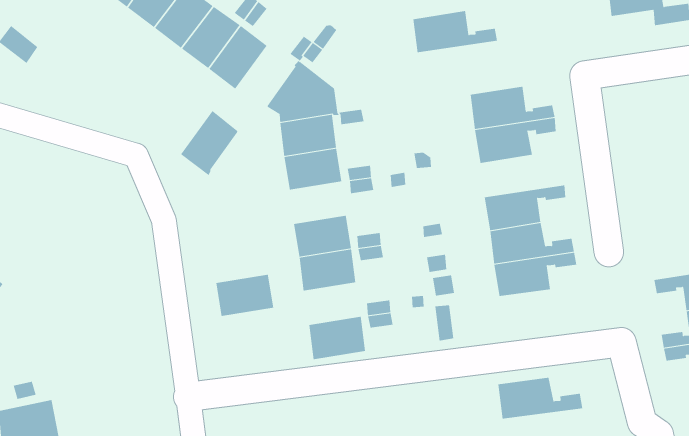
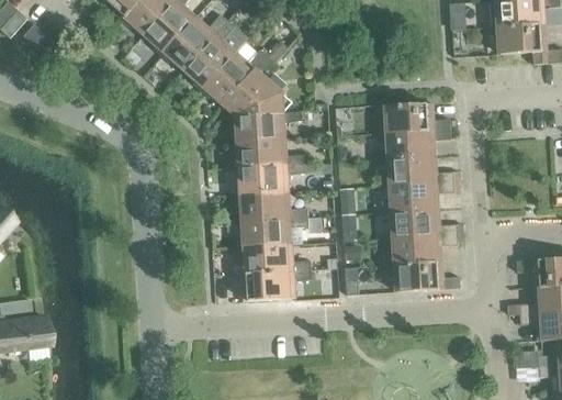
building: [413,11,498,53] -> [389,156,453,186]
building: [180,110,239,176] -> [204,55,251,105]
building: none -> [239,165,282,195]
building: [215,274,274,316] -> [244,244,288,274]
building: [497,377,583,419] -> [395,262,460,291]

